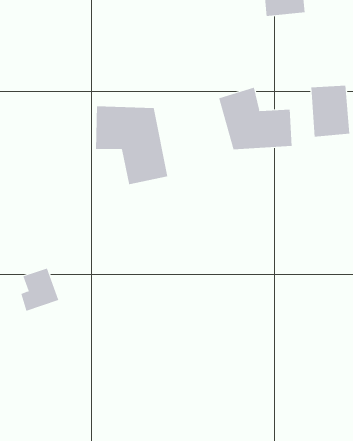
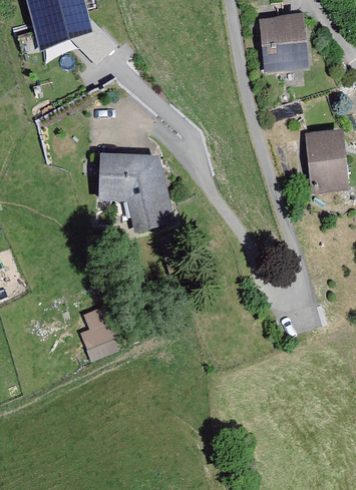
building: [219,87,292,150] -> none
building: [21,268,59,312] -> [80,309,117,351]

